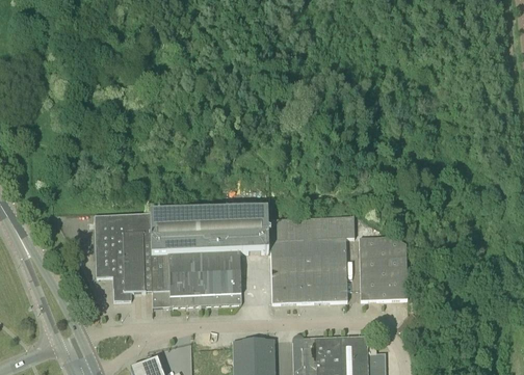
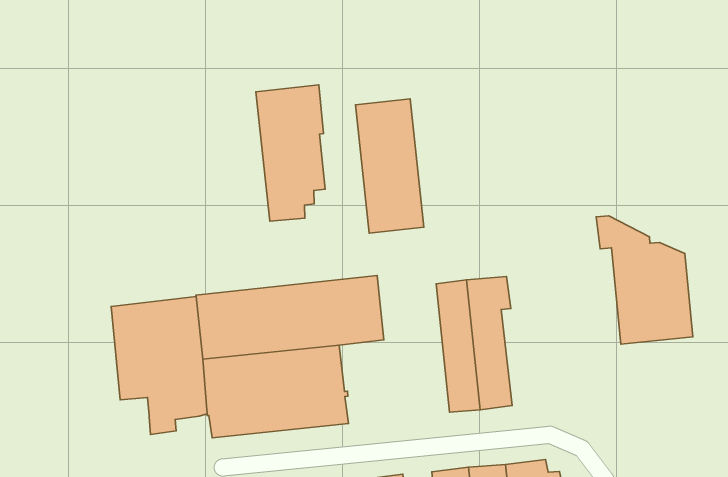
building: none -> [256,85,325,221]
building: [351,216,408,299] -> [596,216,693,344]
building: [270,217,308,301] -> [356,99,424,233]

